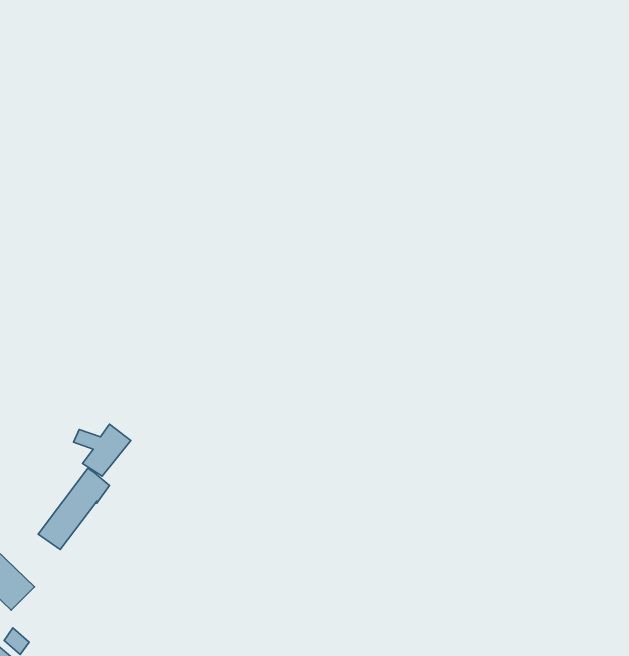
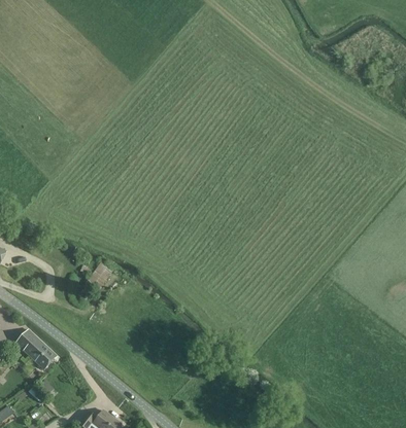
building: [38,468,110,550] -> none

